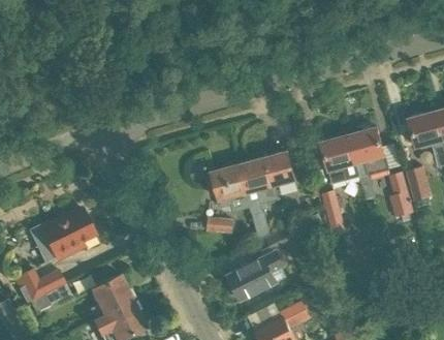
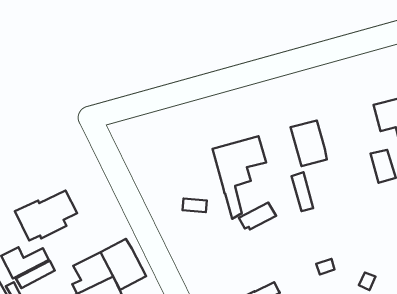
building: [349,127,388,199] -> none
building: [212,164,250,211] -> none
building: [389,172,414,216] -> none
building: [227,251,287,301] -> none
building: none -> [101,239,146,290]

